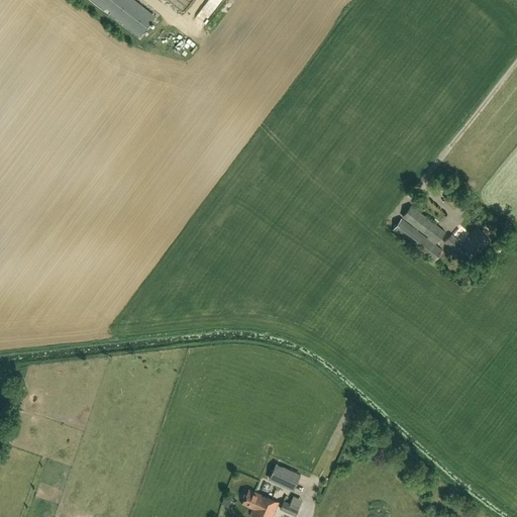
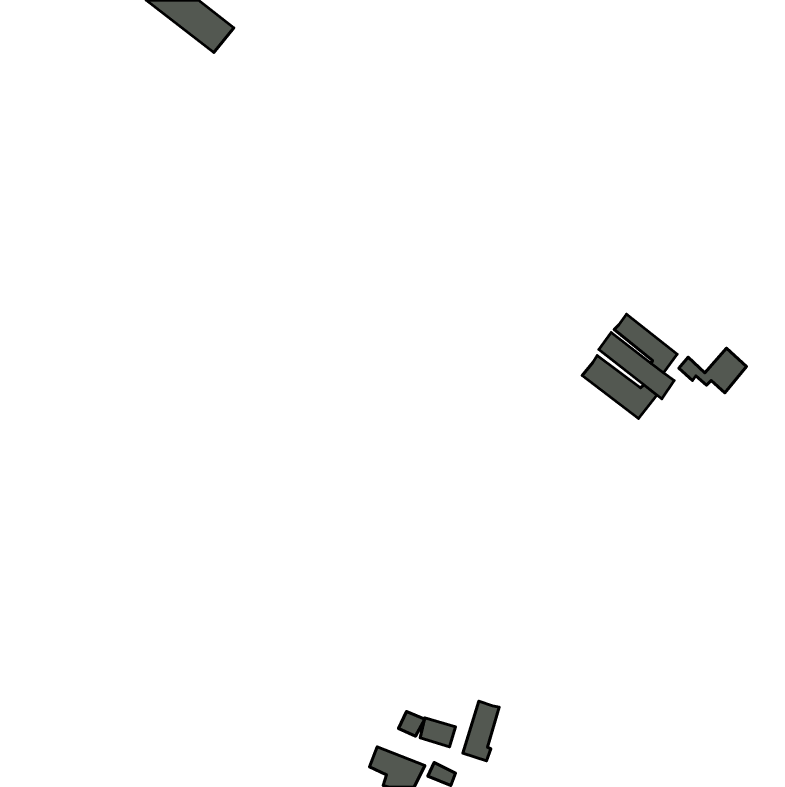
building: none -> [582,355,657,418]
building: none -> [463,701,499,761]

